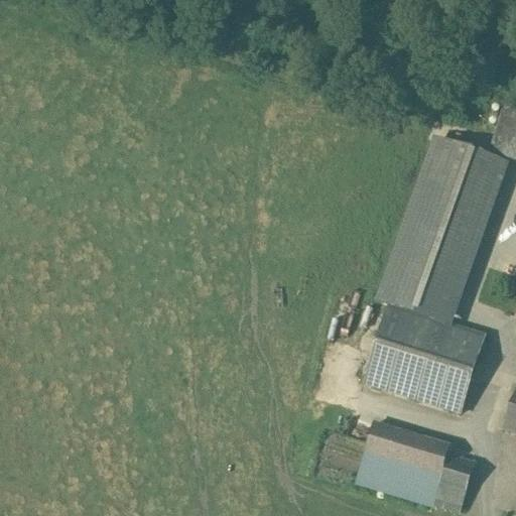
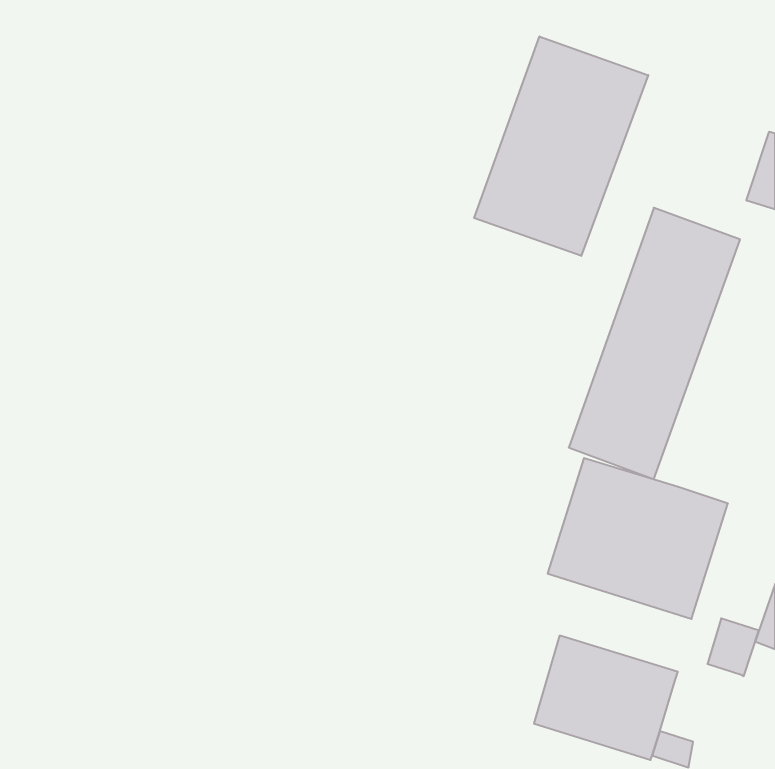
building: none -> [474,36,648,256]
building: [434,159,507,324] -> none
building: [438,456,473,494] -> [707,618,759,676]

